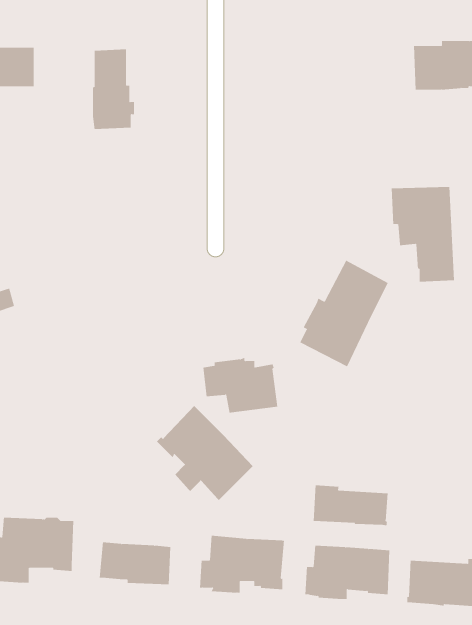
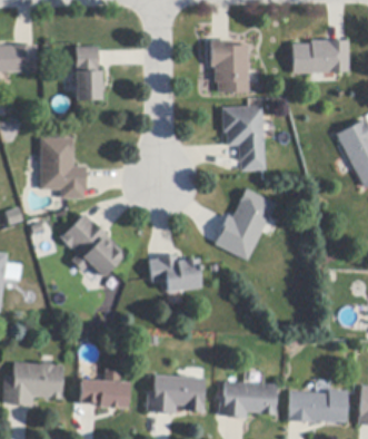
building: none -> [209,40,248,92]
building: none -> [40,137,87,198]
building: [391,187,455,282] -> [221,106,265,170]
building: [156,405,253,501] -> [59,213,125,277]
building: [313,485,388,526] -> none

